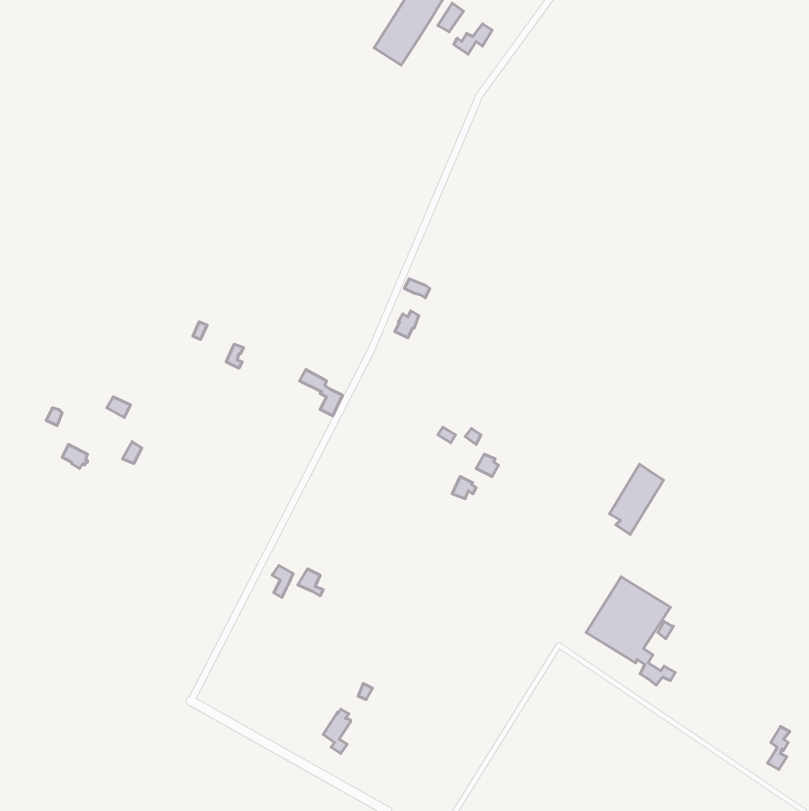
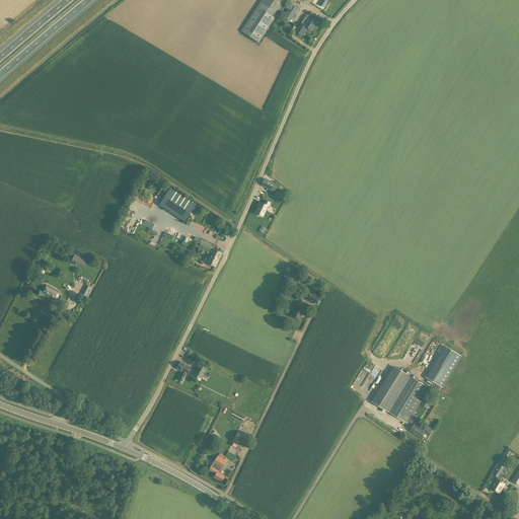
building: none -> [156,186,193,220]
building: [609,464,664,534] -> [424,345,458,389]

